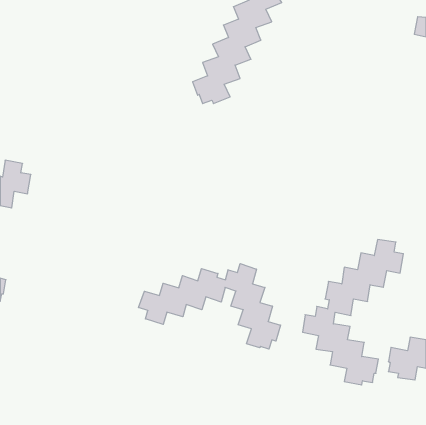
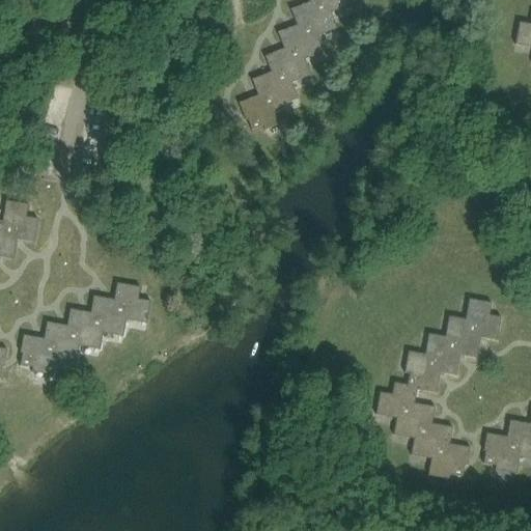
building: none -> [21,281,150,374]
building: [139,264,281,349] -> none

